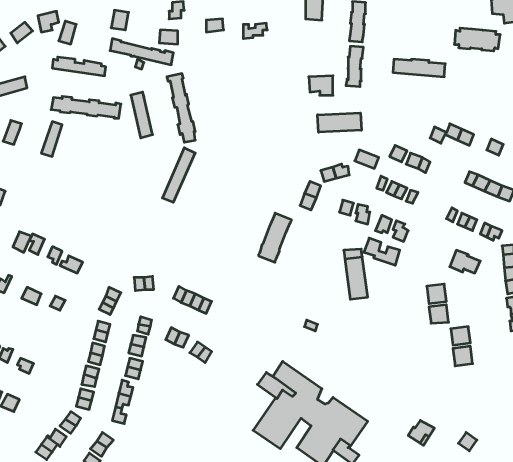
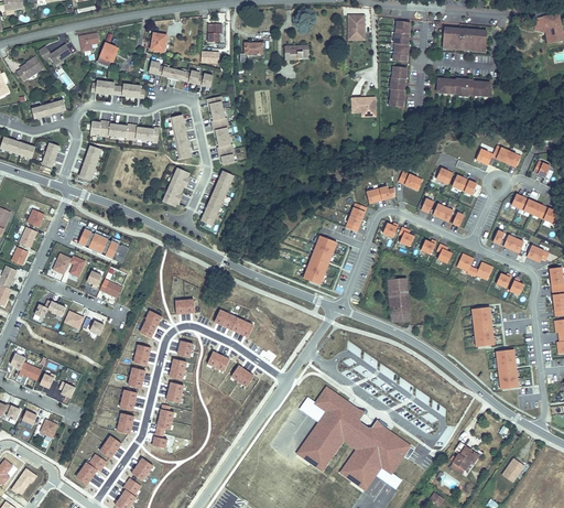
building: [454,28,500,51] -> [442,30,488,53]
building: [318,113,361,132] -> none
building: none -> [165,167,192,206]
building: none -> [78,229,129,263]
building: [364,238,400,265] -> [456,253,492,281]

